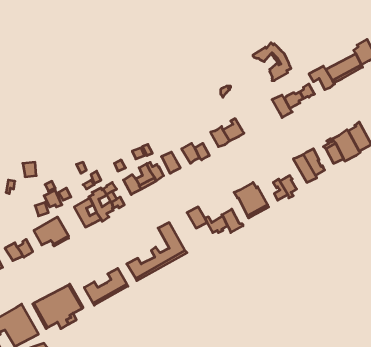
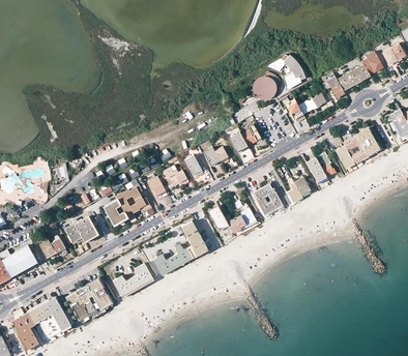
building: none -> [252,73,279,101]

